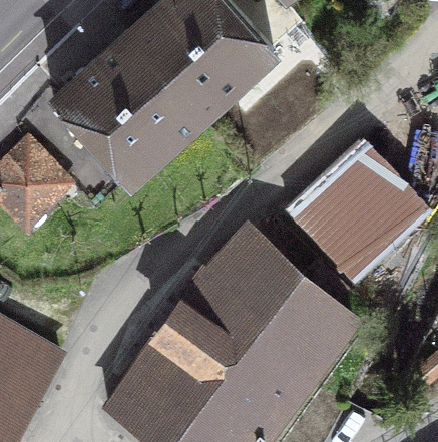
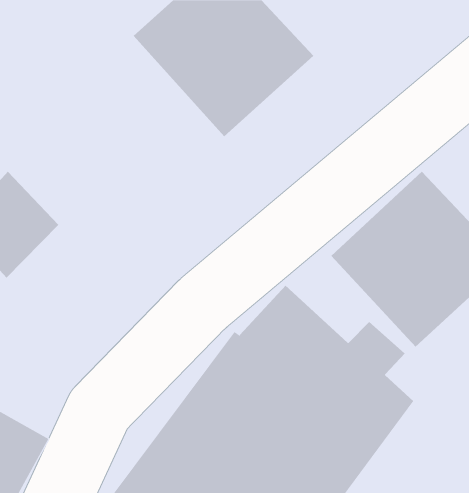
building: [54,33,200,179] -> none

